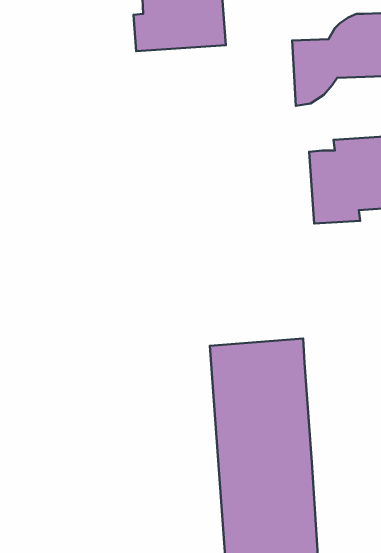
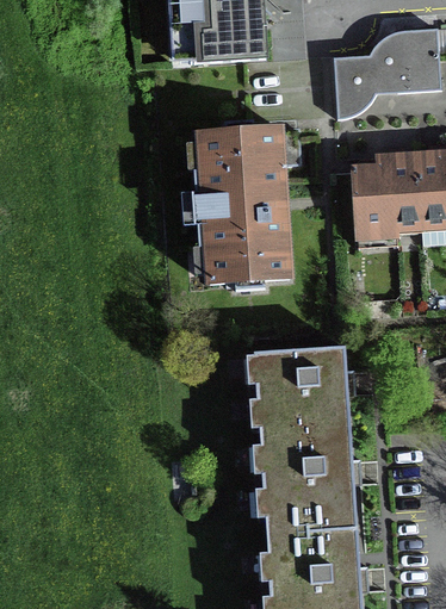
building: none -> [192,120,303,290]

